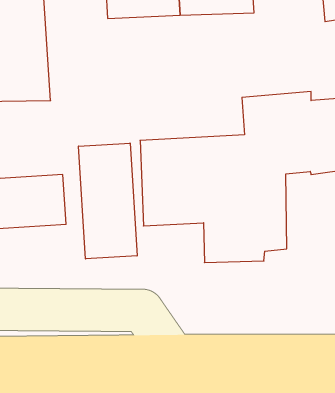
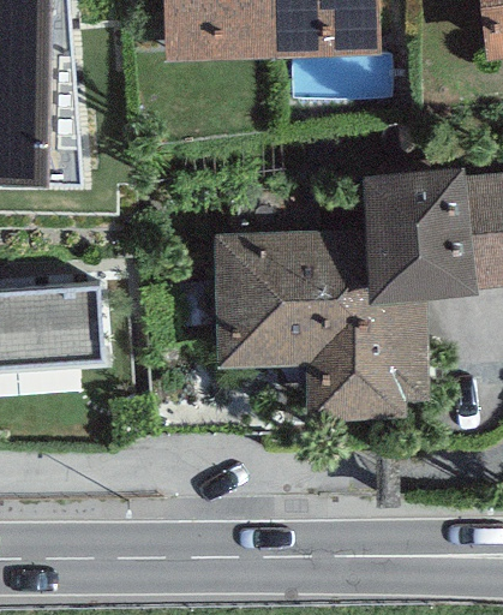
building: [79,143,137,259] -> none

